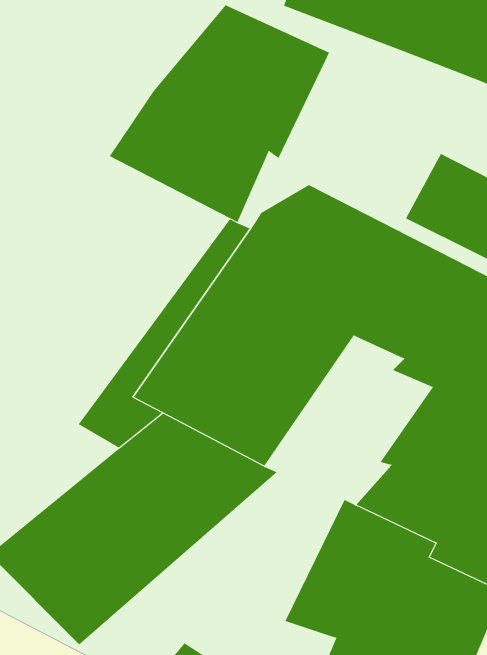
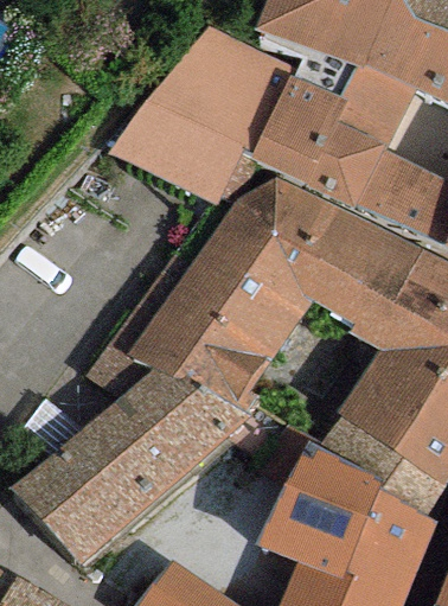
building: none -> [251,70,418,208]

